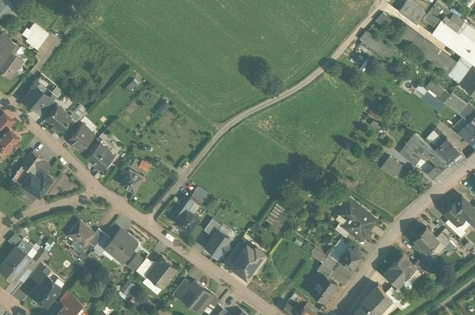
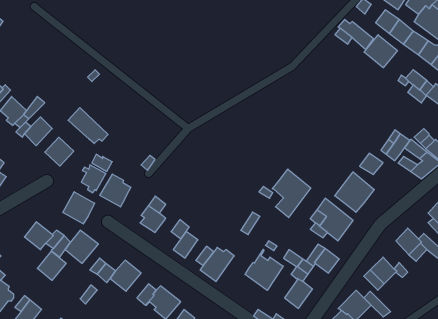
building: none -> [364,35,397,68]
building: none -> [68,108,108,144]
building: none -> [272,169,311,218]
building: none -> [335,172,374,212]
building: none -> [100,174,131,207]
building: none -> [63,192,95,224]
building: none -> [245,249,283,290]
building: none -> [37,251,66,280]

